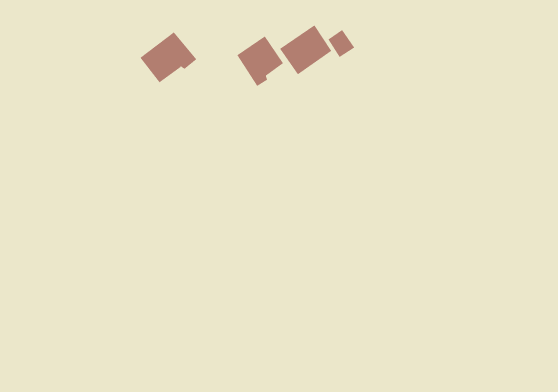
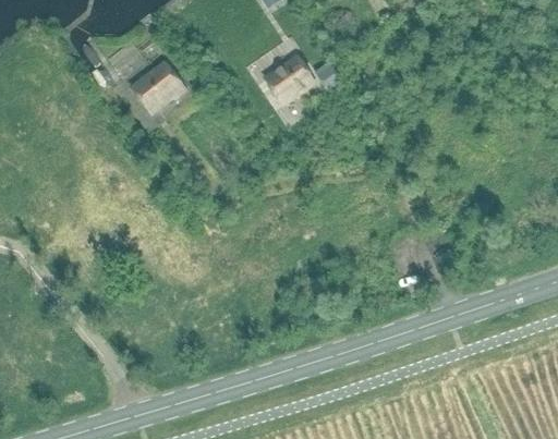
building: [237,36,284,87] -> none

